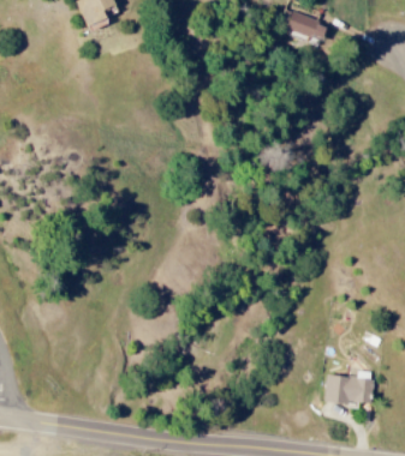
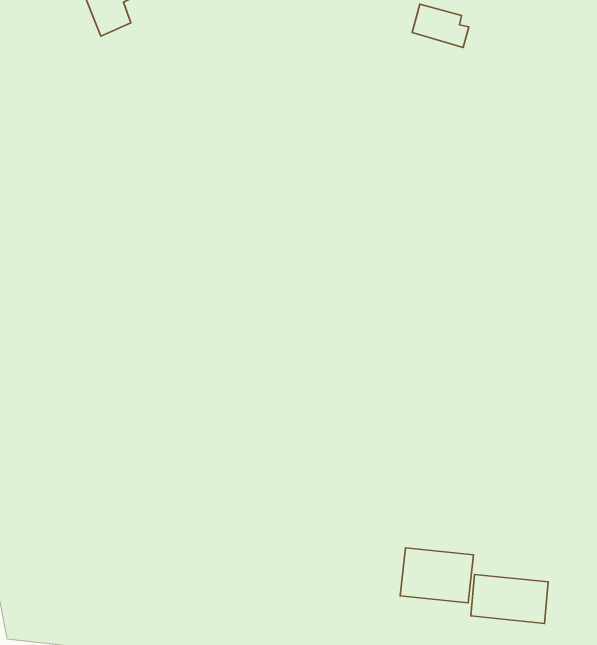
building: none -> [400,548,474,603]

